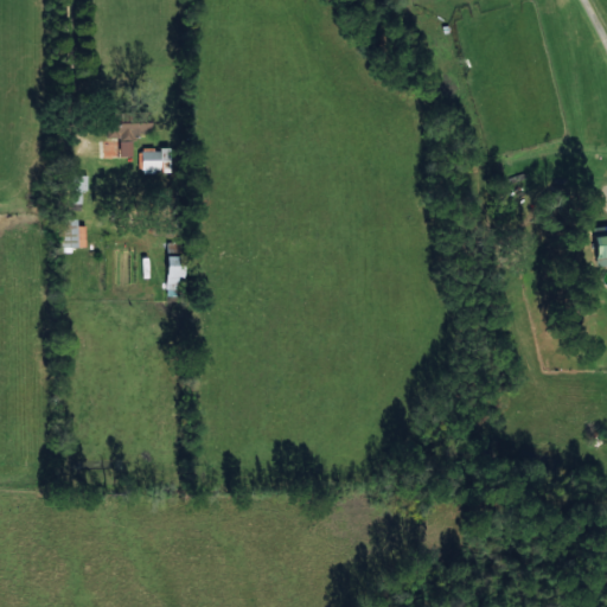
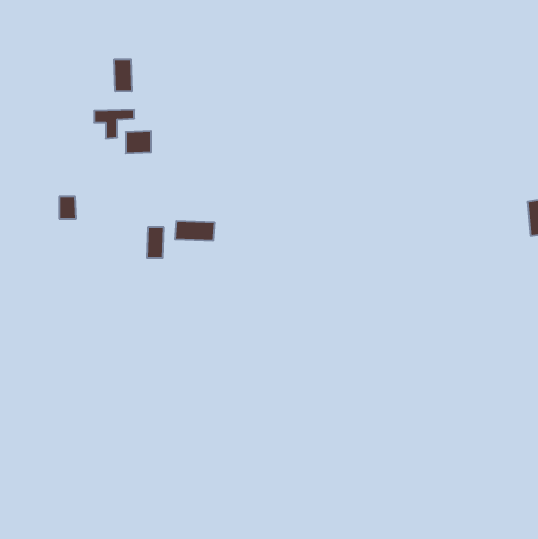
building: none -> [114,59,132,91]
building: none -> [175,221,214,241]

